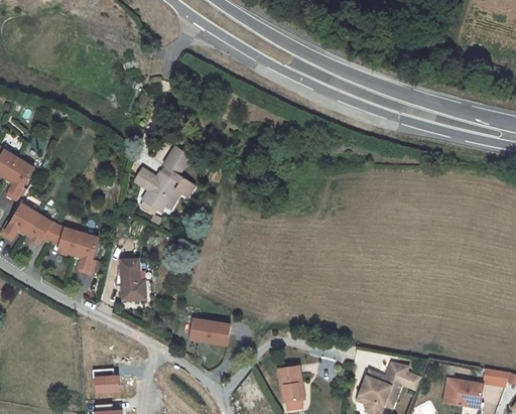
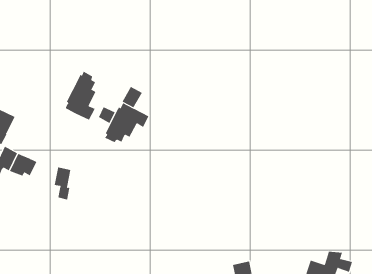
building: none -> [64,71,96,121]
building: [48,227,82,256] -> none
building: [121,259,145,299] -> none
building: [187,318,228,346] -> none

